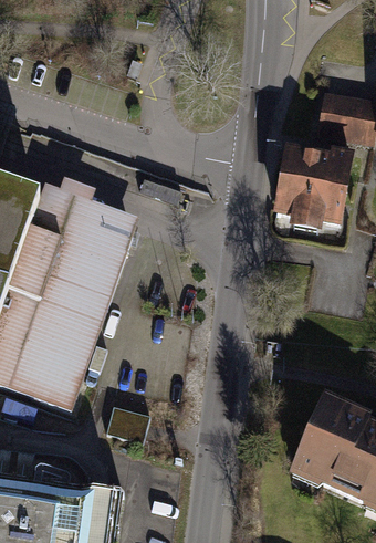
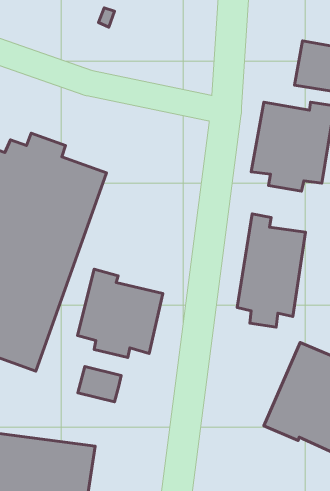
building: none -> [237,214,306,327]
building: none -> [78,269,163,358]

